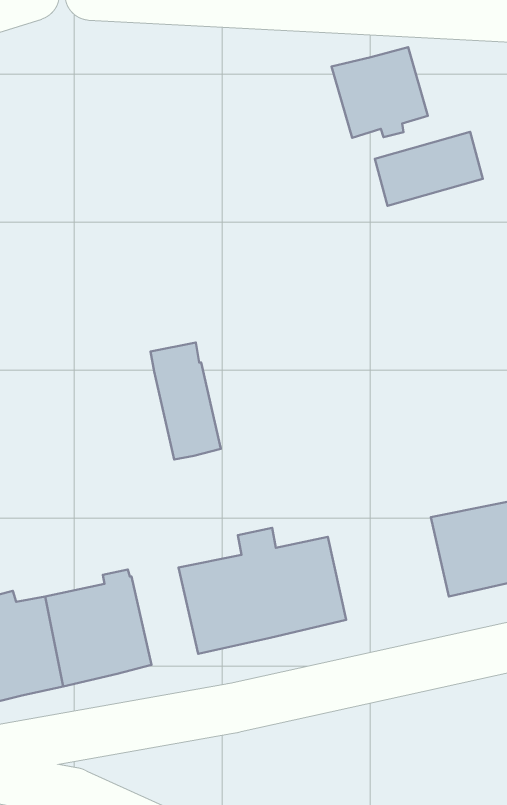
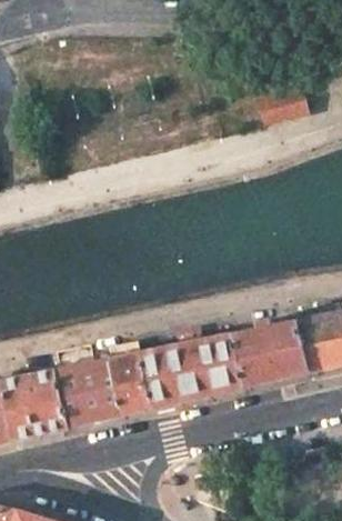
building: [331,47,428,138] -> none
building: [151,343,221,460] -> [107,341,150,413]
building: none -> [230,319,304,385]

